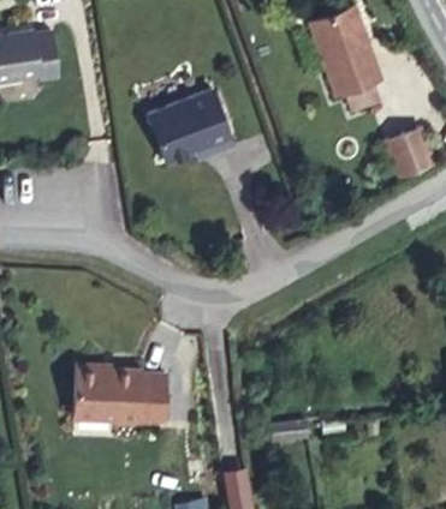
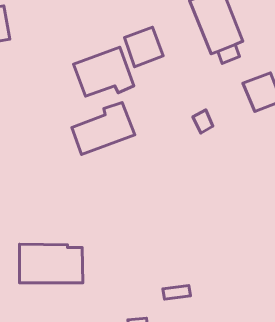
building: none -> [125,27,163,67]
building: none -> [72,103,135,154]

